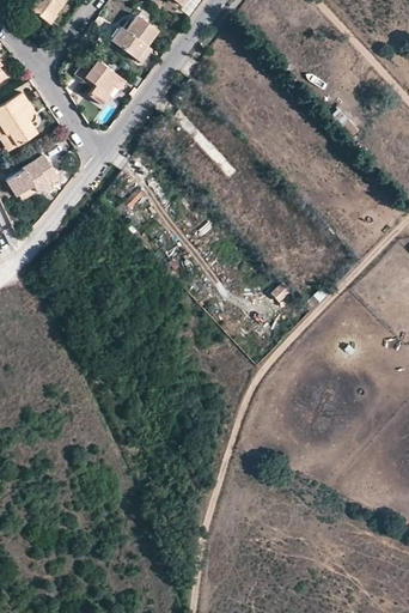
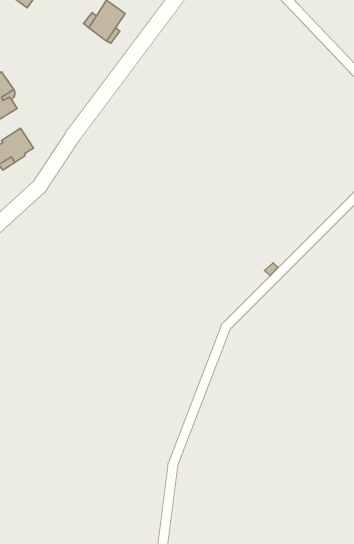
building: [75,57,124,104] -> none

